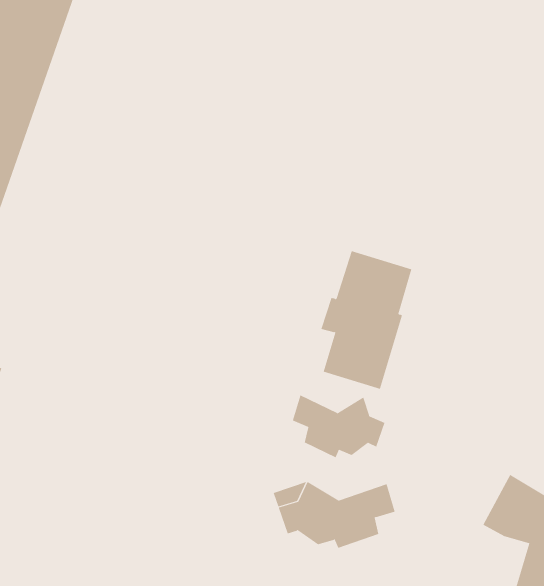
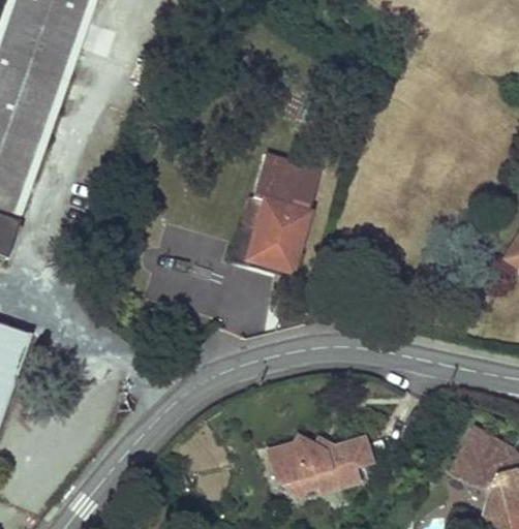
building: [320,250,412,389] -> [238,154,318,276]
building: [292,395,385,458] -> none

